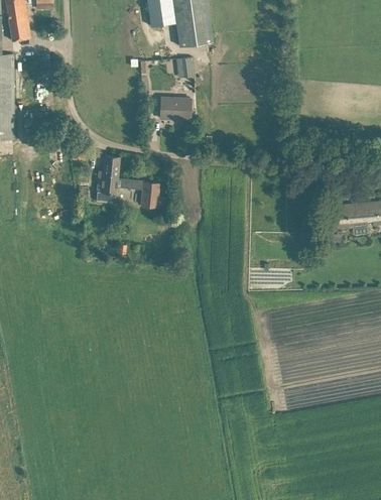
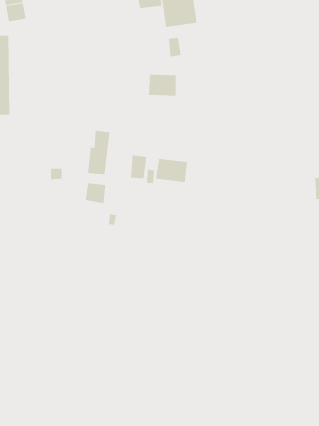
building: none -> [155,158,188,183]
building: none -> [85,182,106,204]

